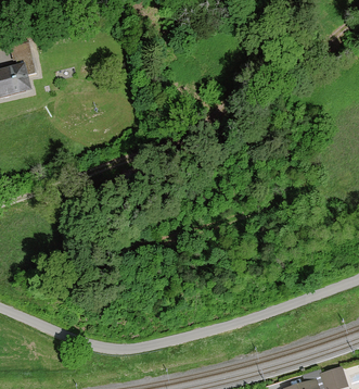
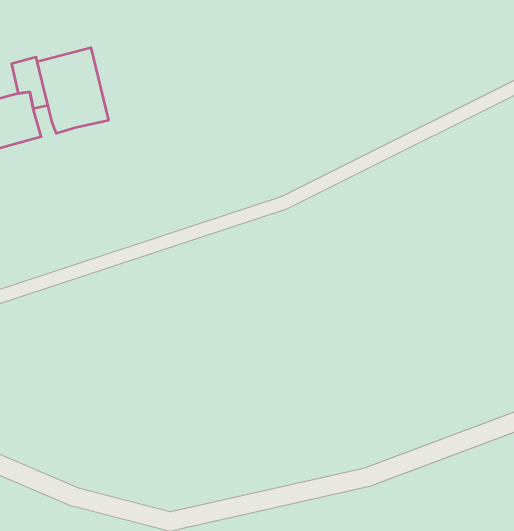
building: none -> [37,48,108,133]

